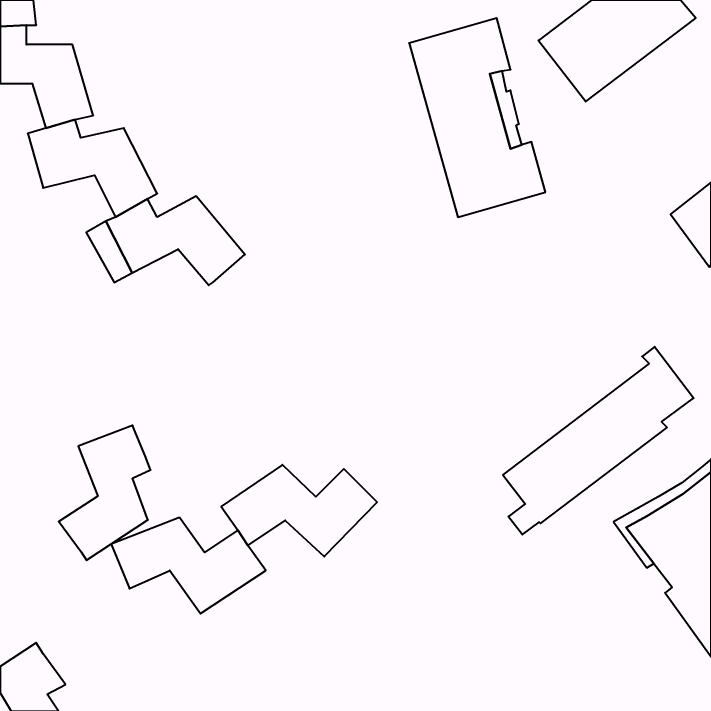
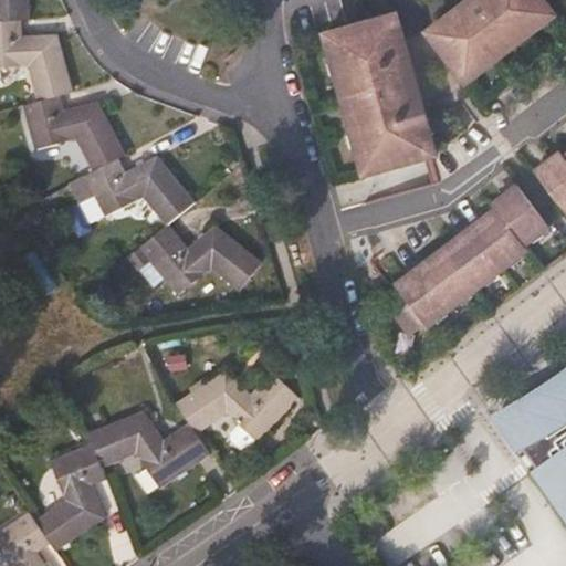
building: none -> [138,224,262,295]
building: [503,347,694,535] -> [395,184,546,333]
building: [59,425,151,560] -> [34,443,107,551]

